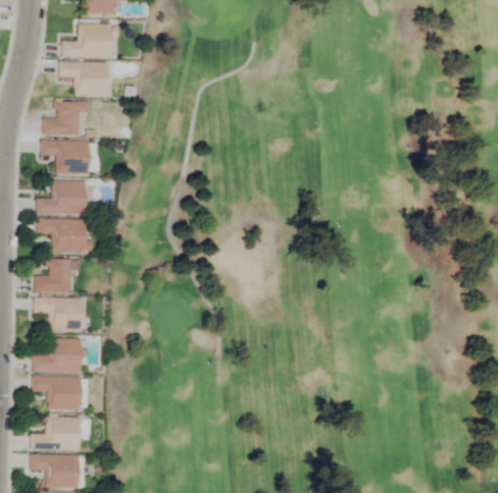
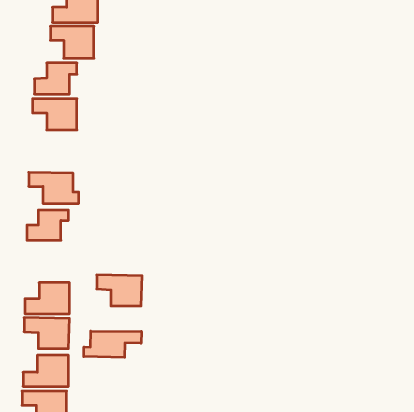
building: [36,181,85,214] -> none
building: [34,297,83,331] -> [97,275,142,306]
building: none -> [84,331,141,357]

